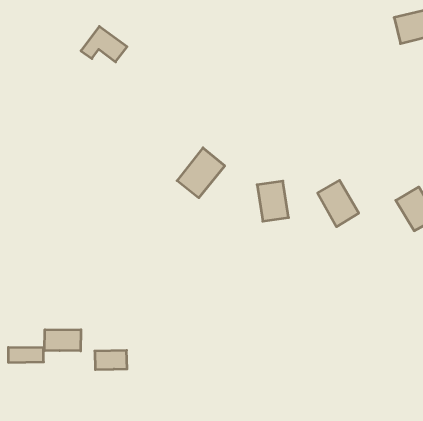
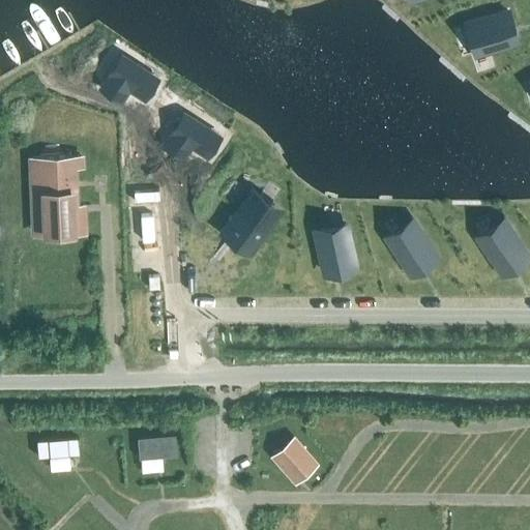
building: none -> [164,118,217,158]
building: none -> [34,158,82,240]
building: [45,330,81,351] -> none
building: none -> [271,441,318,489]

